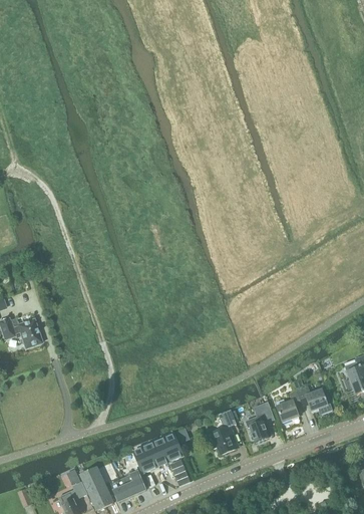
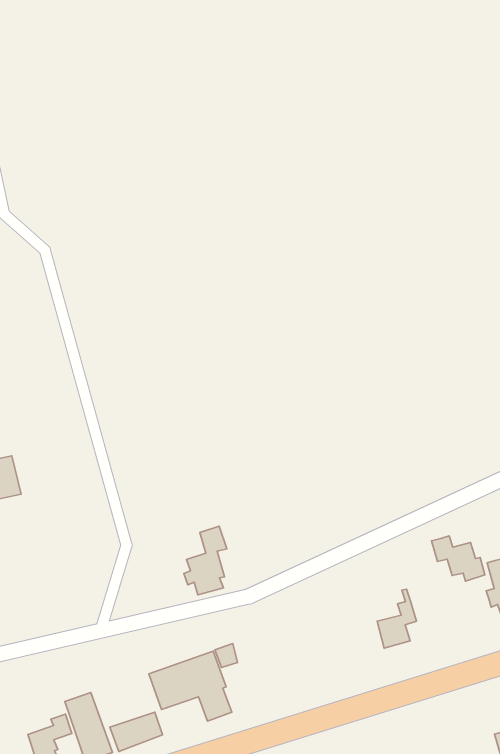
building: [297,386,333,414] -> [431,536,485,581]
building: [246,402,274,442] -> none
building: [211,409,237,454] -> [184,526,227,595]

